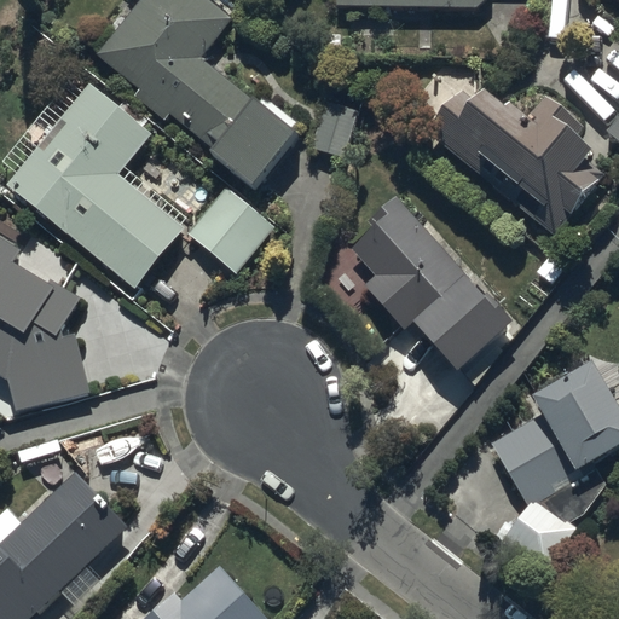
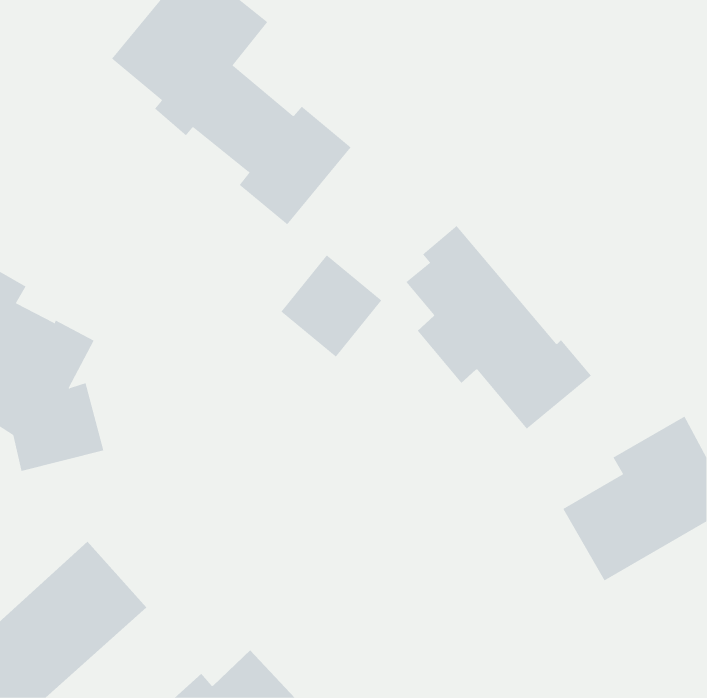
building: [5,85,184,289] -> none
building: [423,86,607,236] -> none
building: [186,181,274,271] -> [281,255,382,357]

